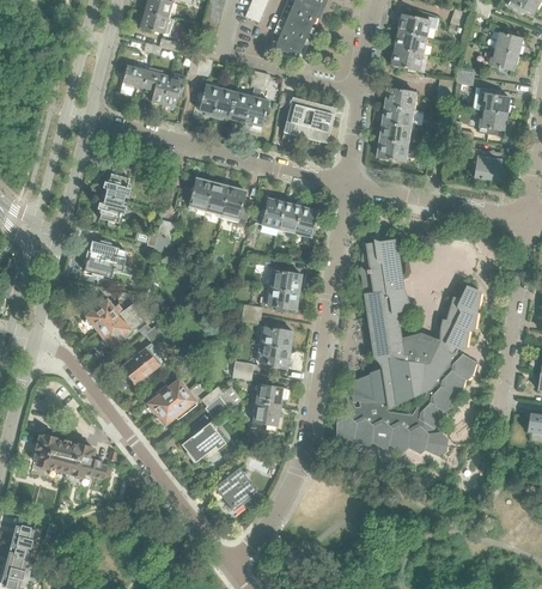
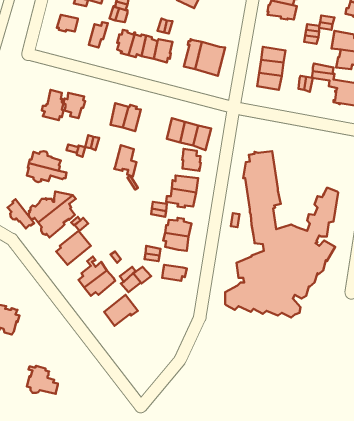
building: [145,68,170,104] -> none
building: [384,89,415,111] -> none
building: [220,187,249,226] -> [114,145,137,176]
building: [98,195,126,227] -> [64,93,85,118]
building: none -> [182,149,201,171]
building: none -> [8,199,34,229]
building: [252,401,280,431] -> none
building: [67,443,106,479] -> [27,366,58,394]
building: [214,468,258,511] -> none

